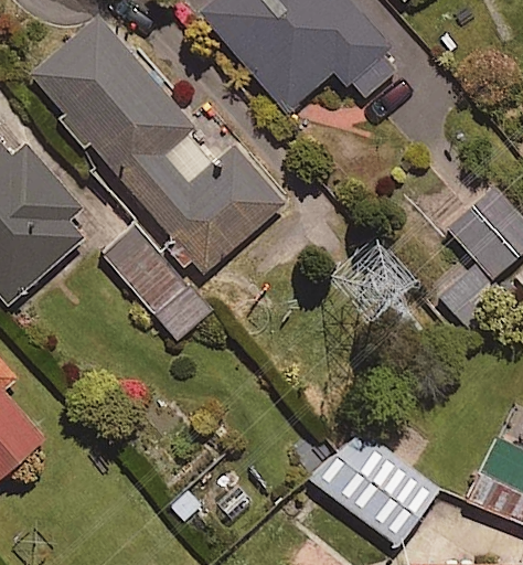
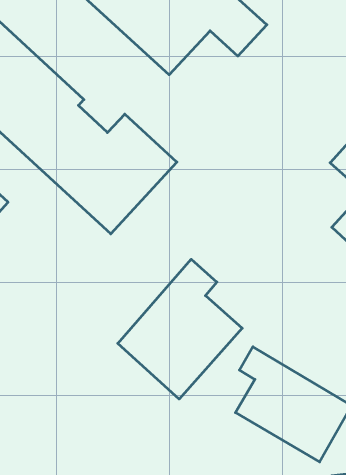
building: [102,224,214,343] -> none
building: none -> [118,259,242,399]

